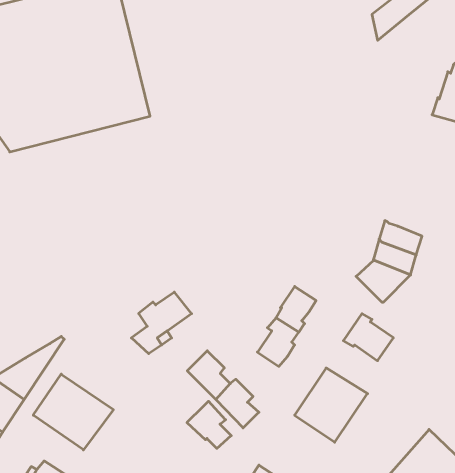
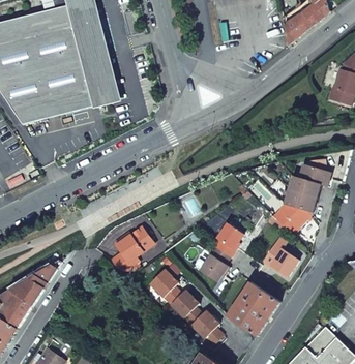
building: none -> [295,158,330,186]
building: [33,374,113,450] -> none
building: [187,401,231,448] -> [190,309,223,343]

